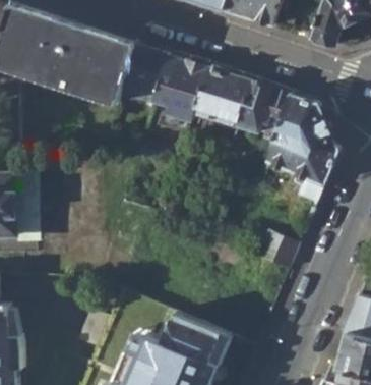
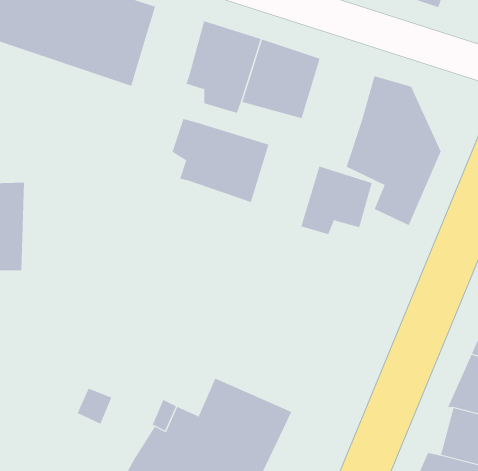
building: [120,44,167,95] -> none
building: [238,81,290,131] -> [301,166,372,235]
building: none -> [172,118,269,203]
building: [258,232,298,268] -> none

